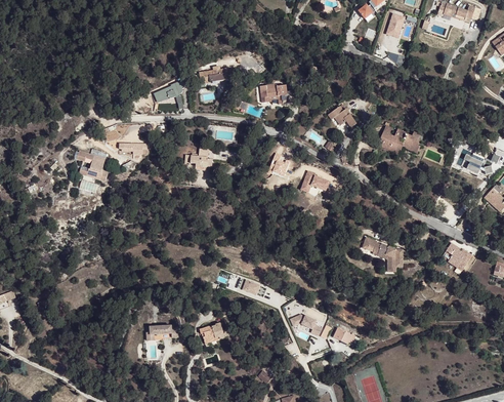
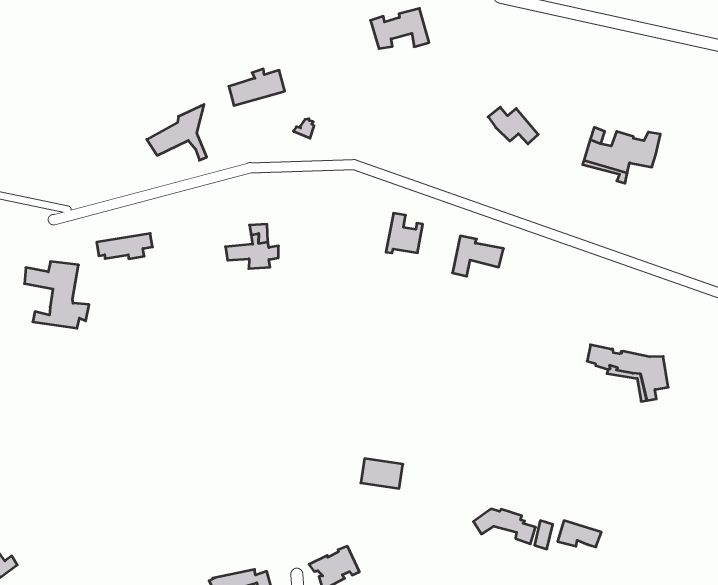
building: [259,84,288,104] -> [370,8,429,49]

